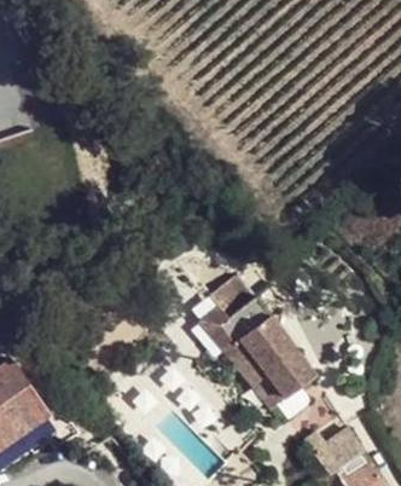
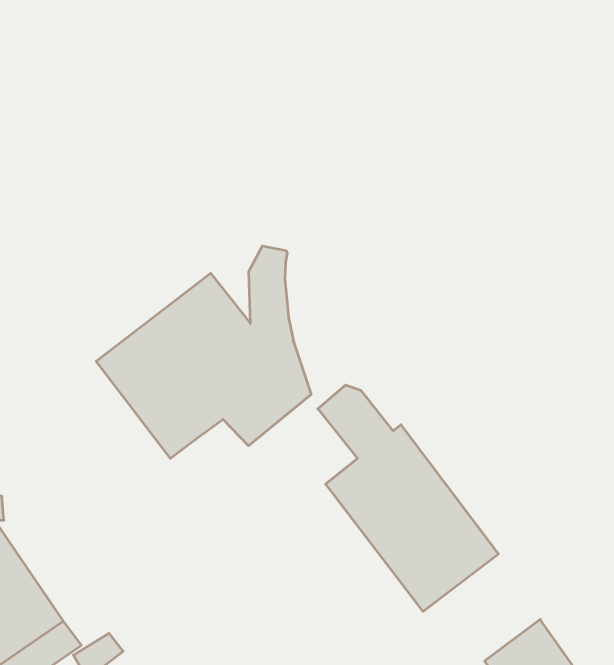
building: none -> [96,246,311,458]

